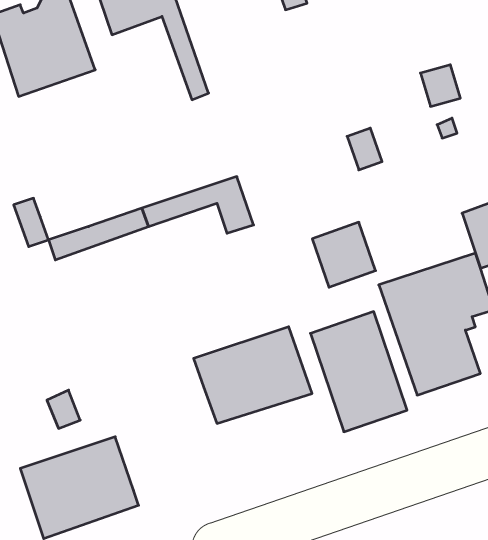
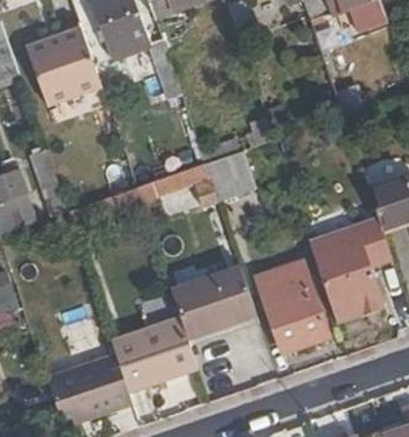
building: [312,222,376,287] -> [204,152,250,199]
building: none -> [110,317,198,392]

